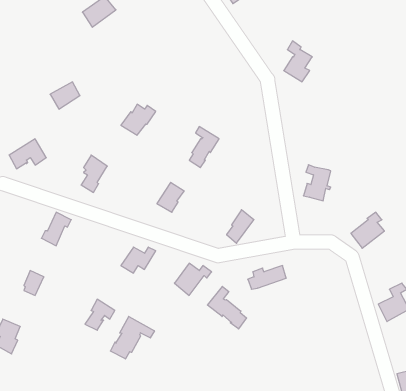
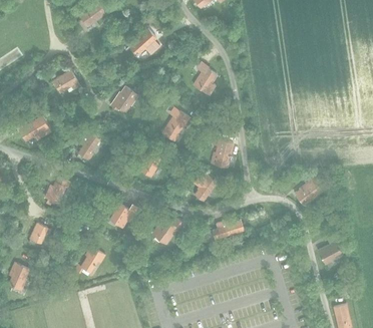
building: none -> [129,29,159,54]
building: [284,41,312,82] -> [194,62,217,95]
building: [303,165,331,201] -> [210,138,232,168]
building: [207,286,247,329] -> none
building: [110,316,154,359] -> none

